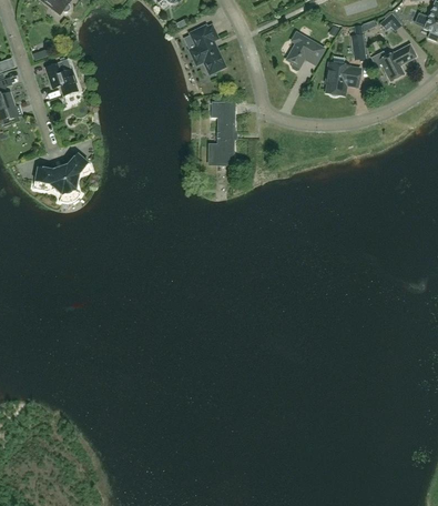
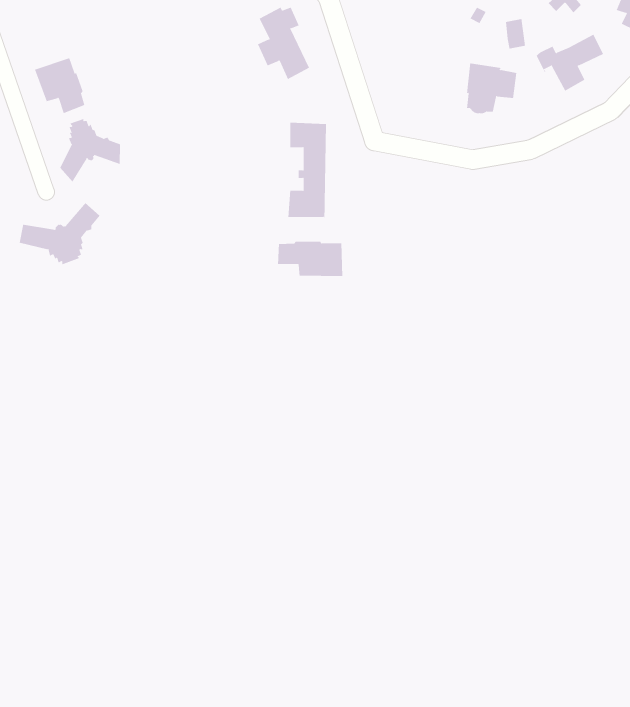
building: [286,32,324,70] -> none
building: none -> [59,118,120,182]
building: none -> [278,241,343,277]

